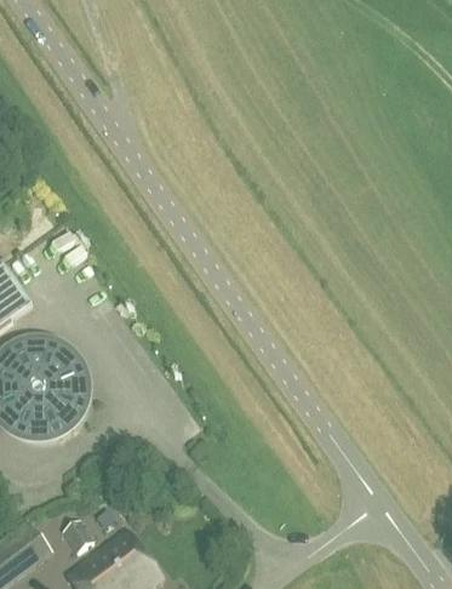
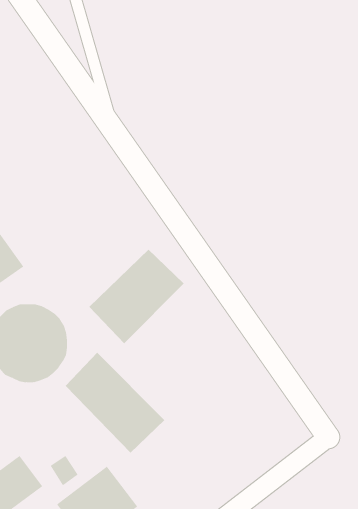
building: none -> [88,249,185,344]
building: none -> [65,352,165,453]

